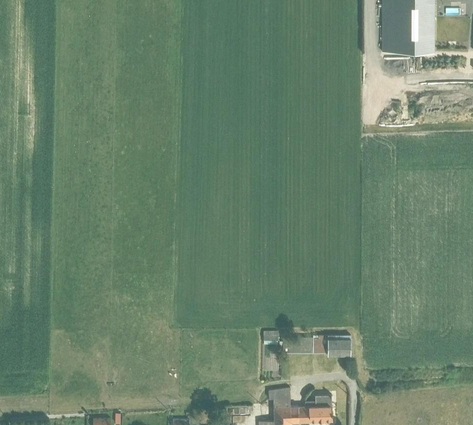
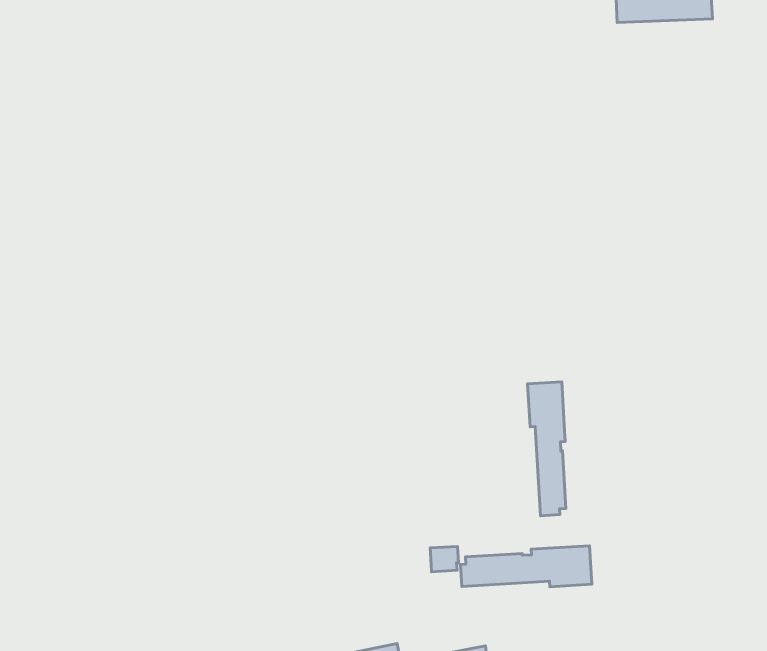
building: none -> [528,382,566,516]

